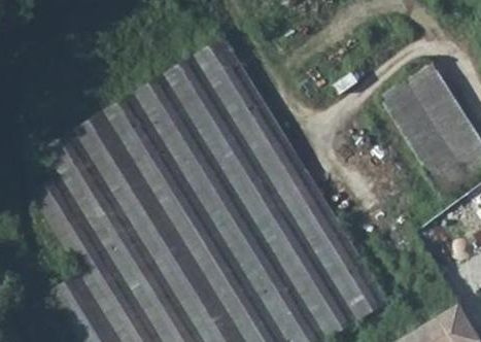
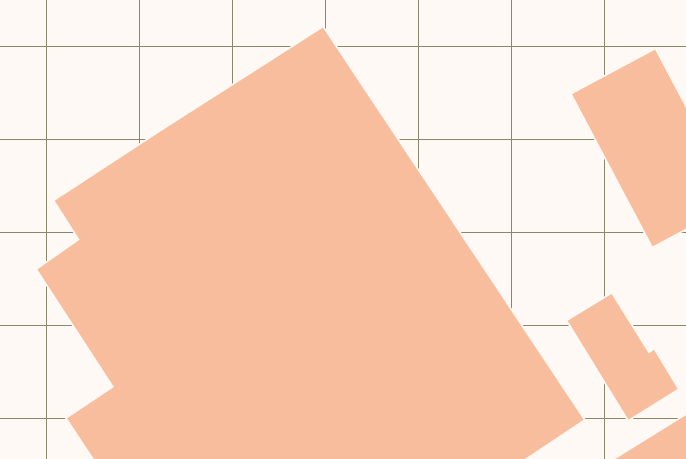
building: none -> [566,293,679,421]

